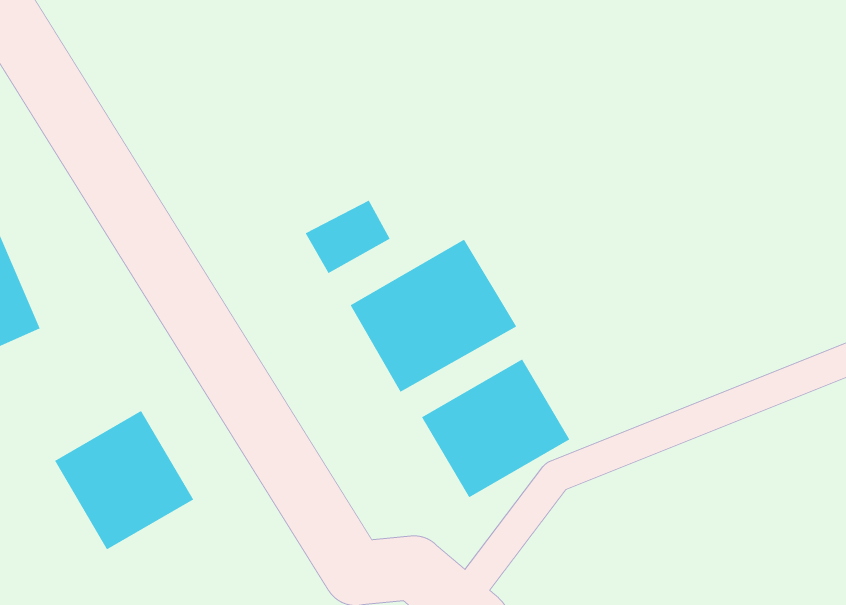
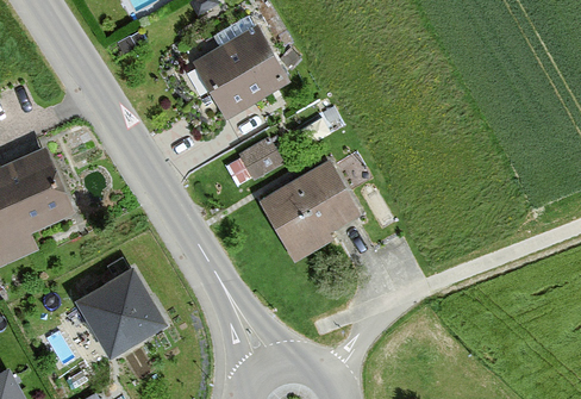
building: none -> [194,29,289,120]
building: [421,358,570,498] -> none

